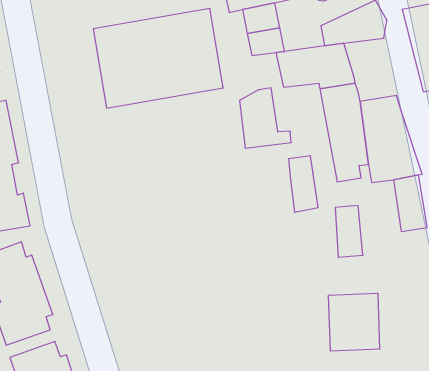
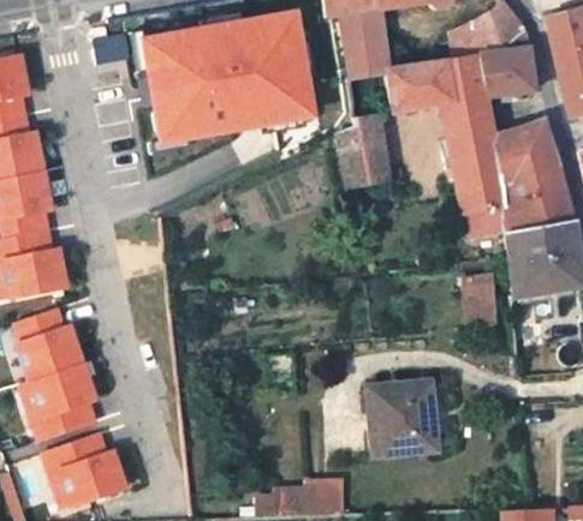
building: none -> [468,50,528,100]
building: [289,156,318,212] -> [502,228,540,299]
building: [328,293,380,351] -> [371,382,436,454]

